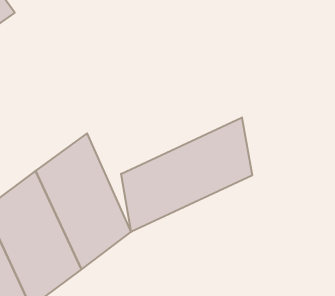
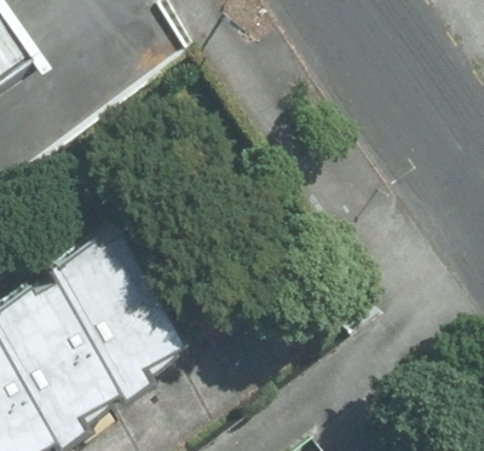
building: [121,117,252,232] -> none

